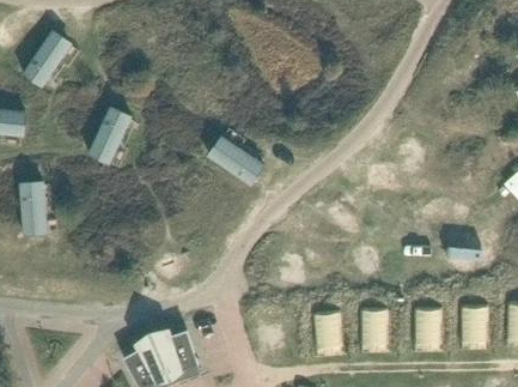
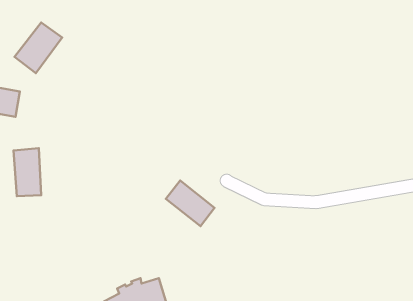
building: [81,103,132,168] -> none
building: [205,134,262,188] -> [166,180,215,226]

